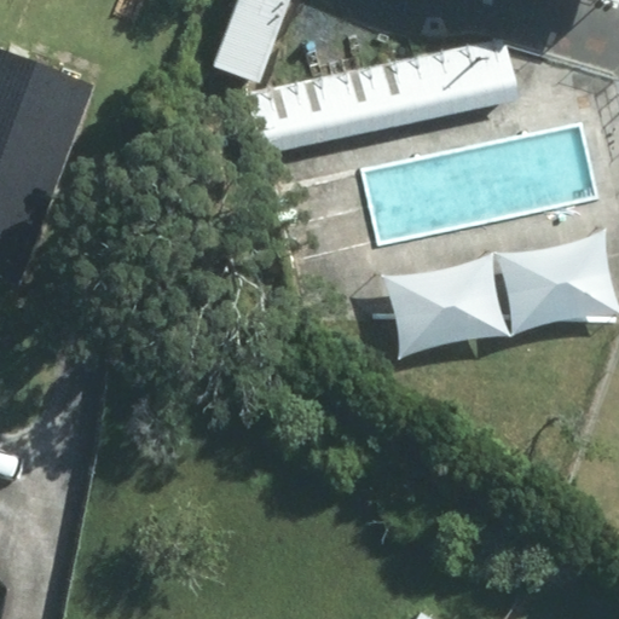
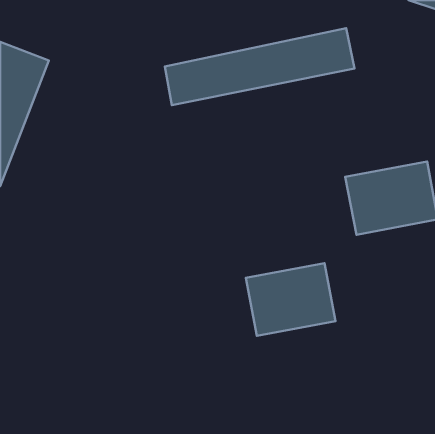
building: [380,254,507,357] -> [246,263,336,336]

